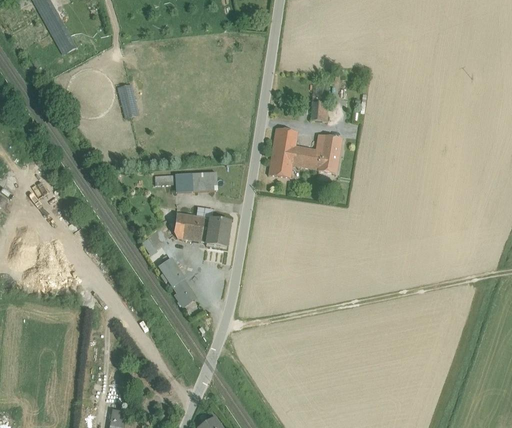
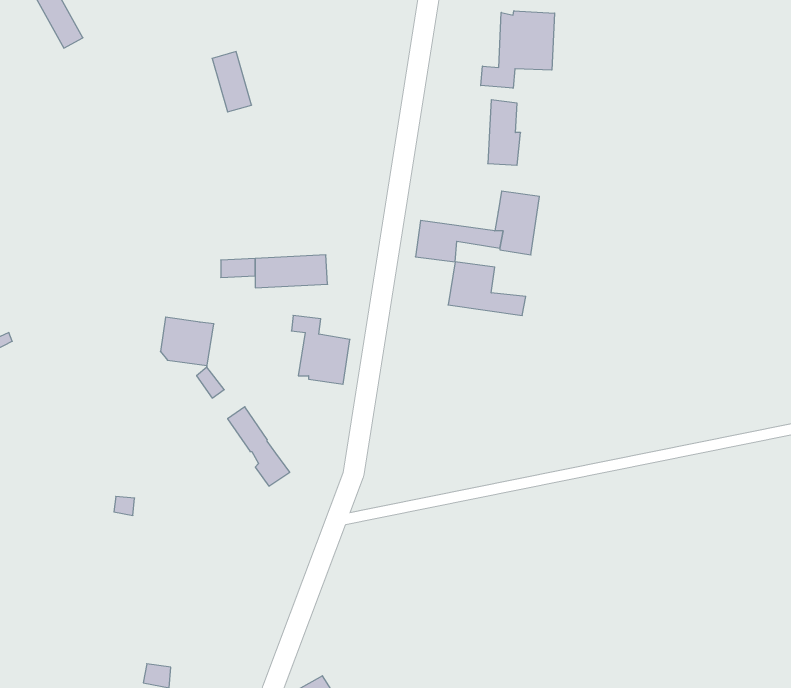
building: none -> [481,11,555,88]
building: [116,82,139,117] -> [212,52,252,112]
building: [271,127,316,158] -> [448,262,526,315]
building: [173,213,204,242] -> [160,317,214,367]

